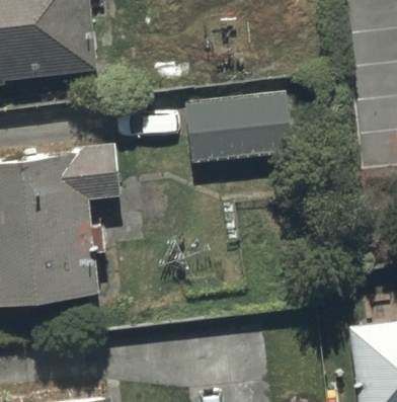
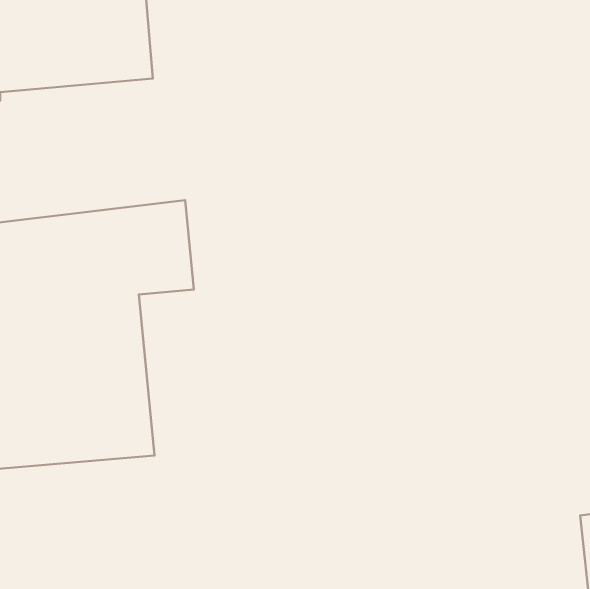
building: [185,93,294,166] -> none

